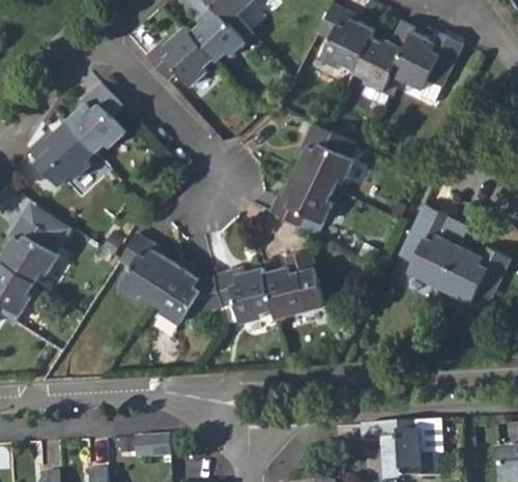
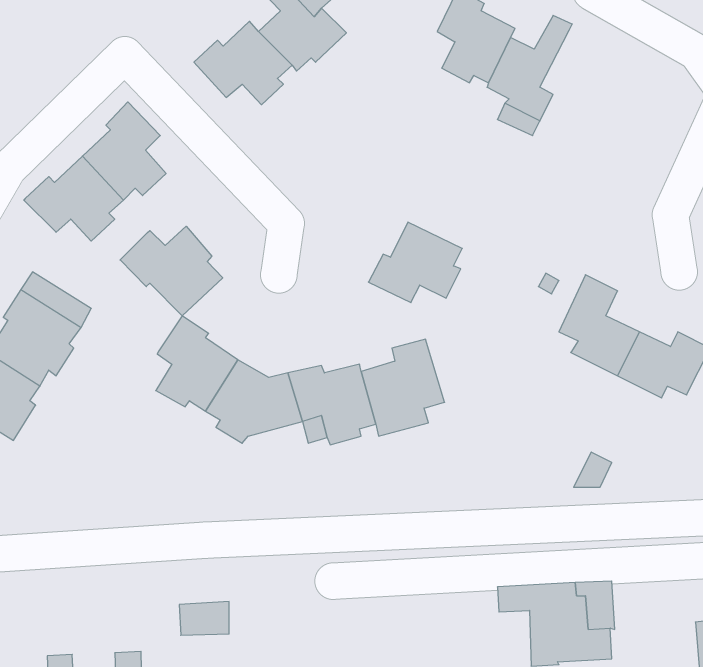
building: [390,31,461,88] -> none
building: [296,120,357,185] -> none
building: none -> [120,226,223,316]

